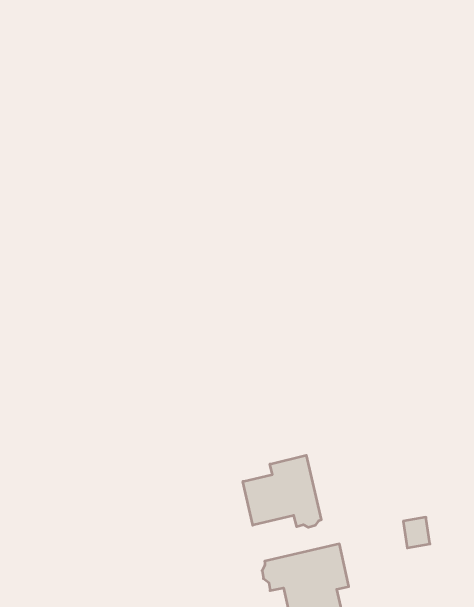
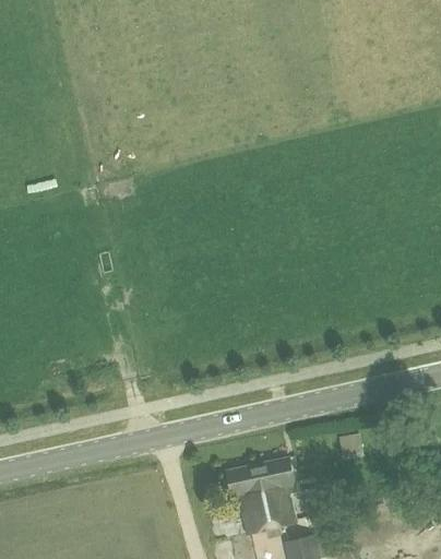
building: [243,455,321,527] -> none

